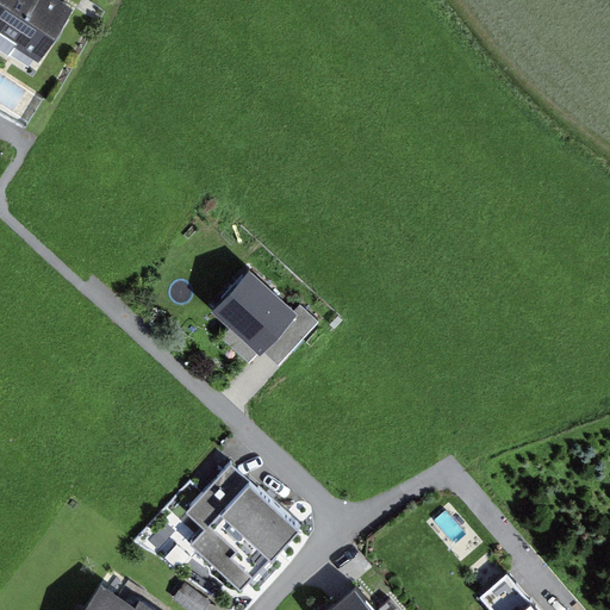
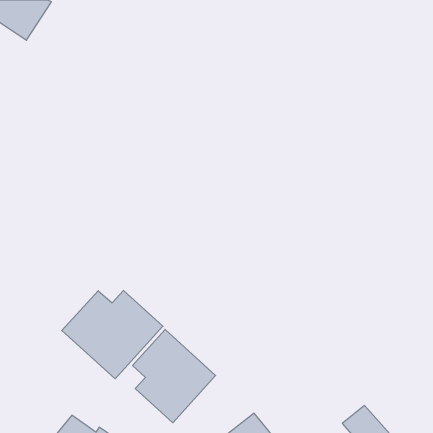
building: [210,272,319,369] -> none
building: none -> [62,290,163,379]

